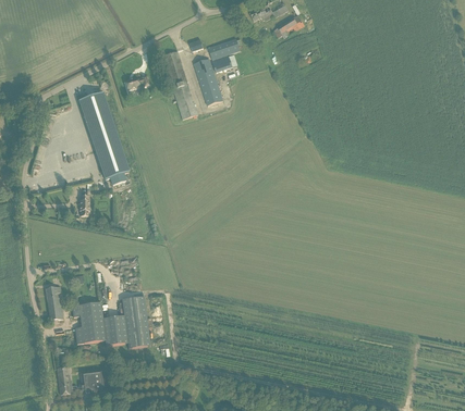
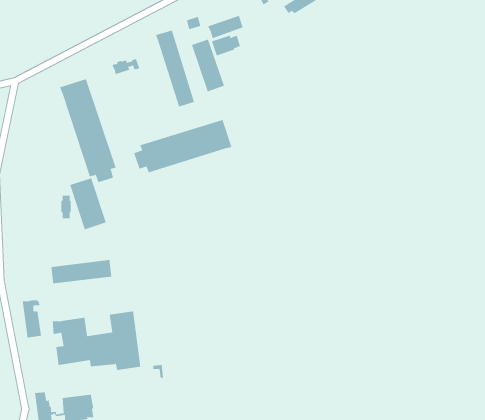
building: none -> [133,119,232,173]
building: none -> [69,177,107,230]
building: none -> [51,259,112,284]

